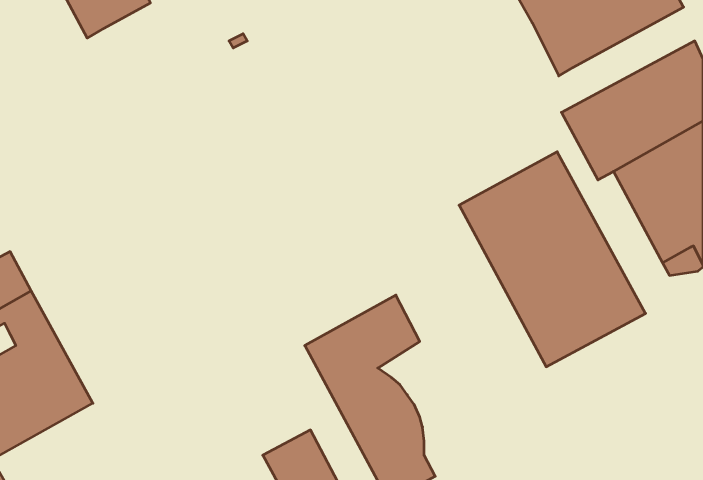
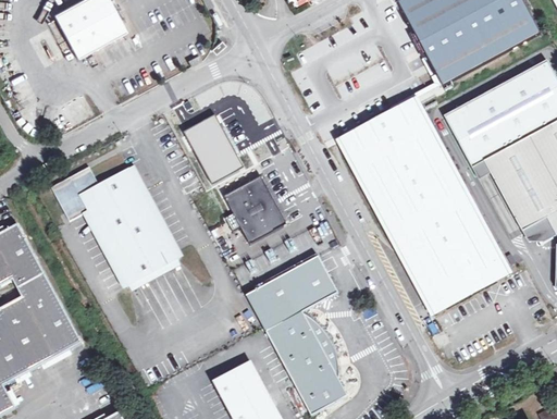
building: none -> [342,98,442,187]
building: none -> [185,115,243,183]
building: none -> [51,165,178,286]
building: none -> [223,176,286,244]

